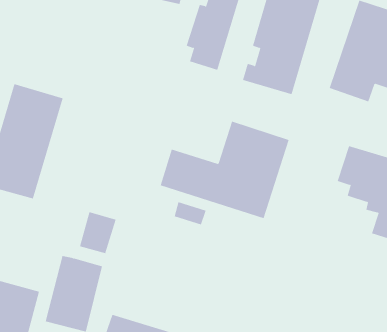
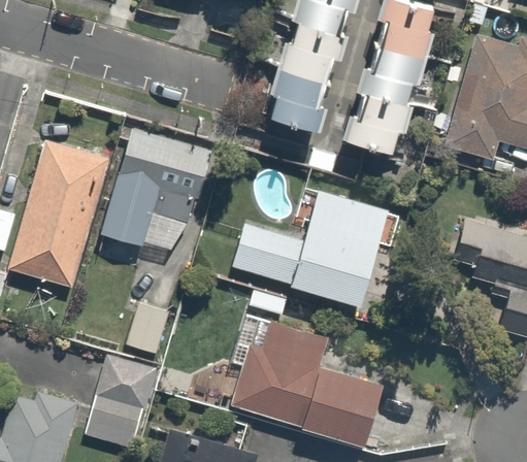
building: none -> [99,125,211,250]
building: none -> [230,318,376,446]

